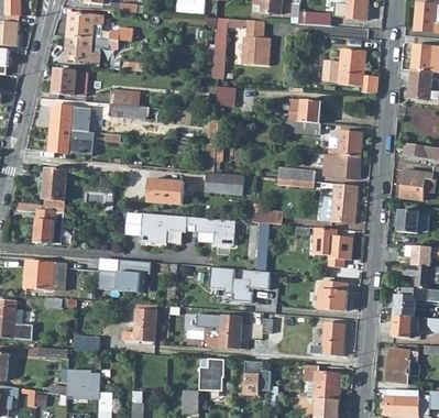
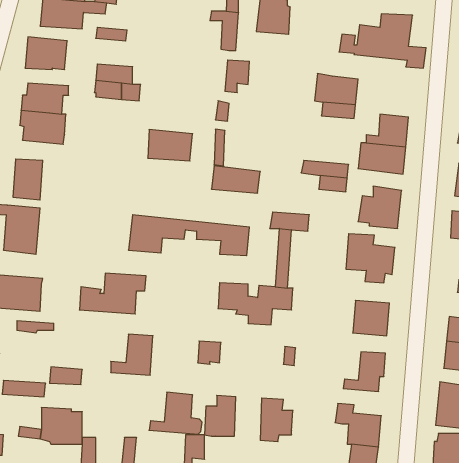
building: [146,178,183,204] -> [148,130,193,161]
building: [205,315,248,349] -> [149,392,202,434]

